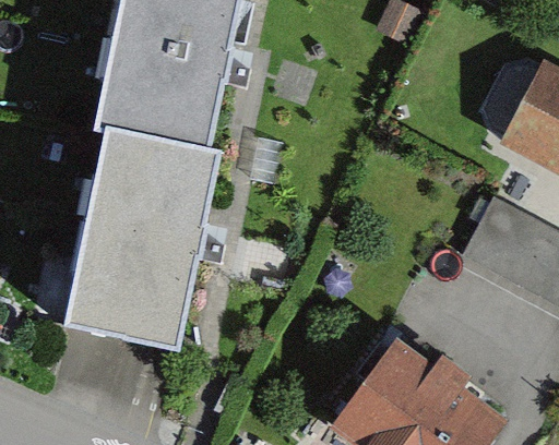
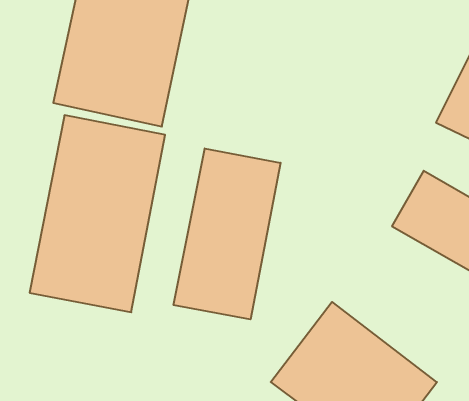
building: none -> [174,148,281,319]

